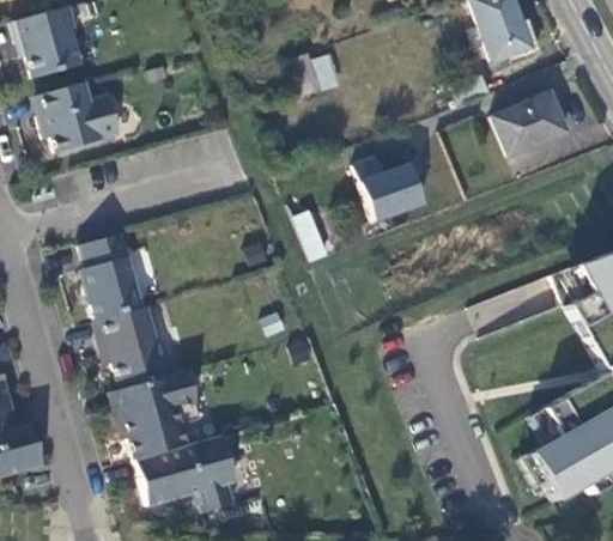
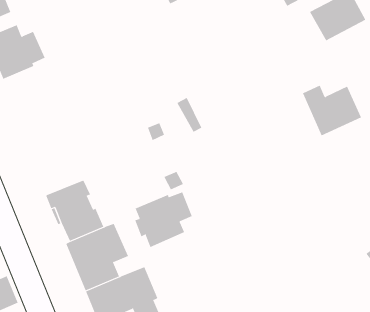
building: [354,152,432,223] -> [302,85,362,136]
building: [81,233,144,321] -> none
building: none -> [134,191,193,248]

